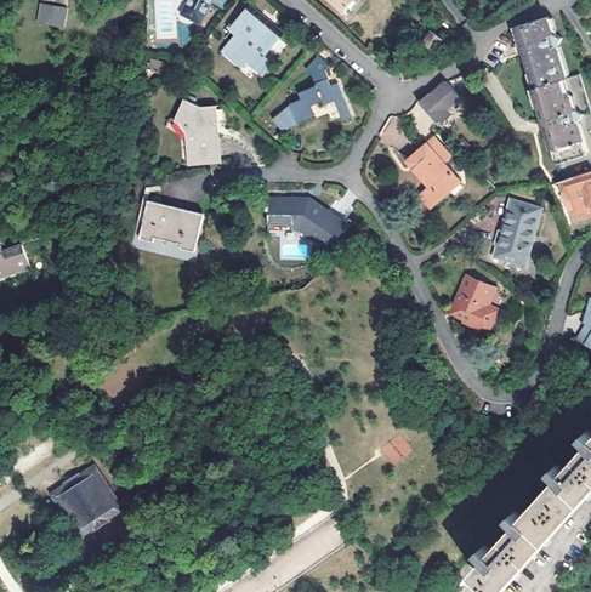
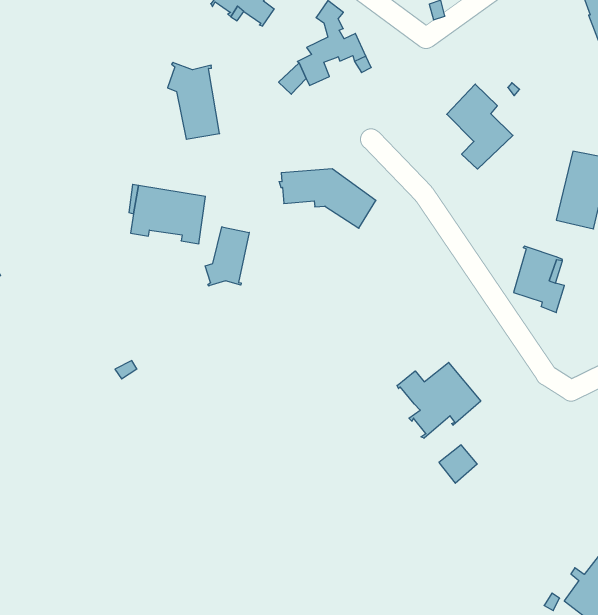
building: [416,80,455,127] -> none
building: none -> [205,227,249,286]
building: none -> [397,362,481,438]
building: [49,463,120,535] -> none

